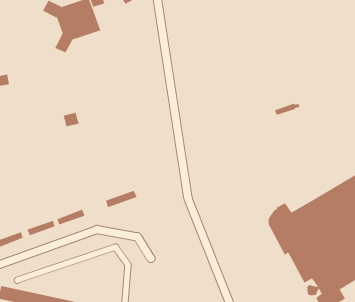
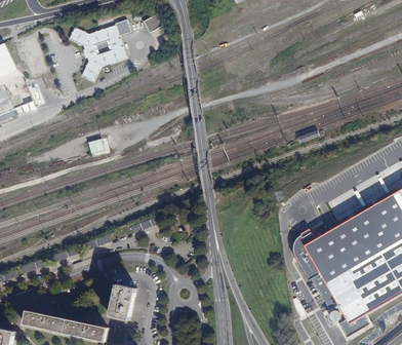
building: none -> [111,283,137,319]

